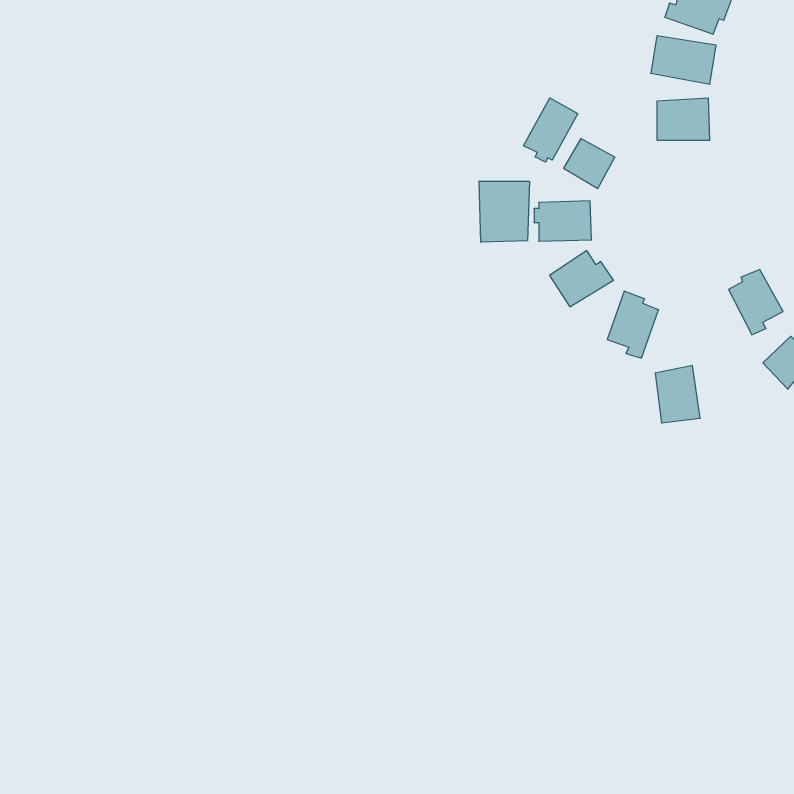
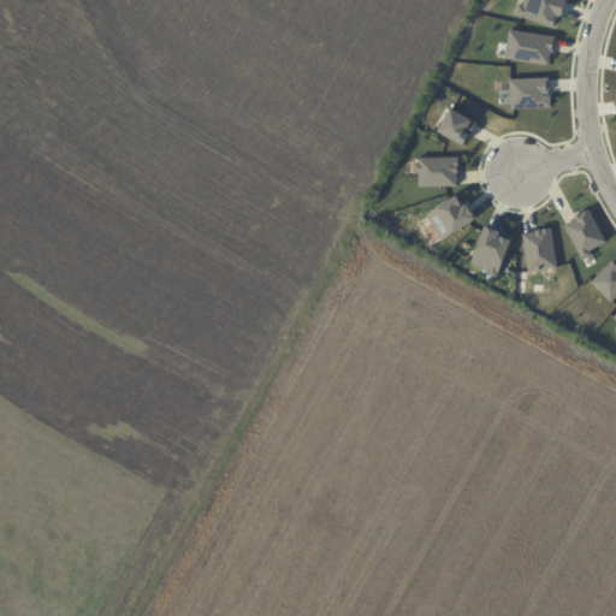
building: [524,98,578,162] -> none
building: [479,181,529,242] -> none
building: [655,365,700,423] -> [522,226,557,271]

